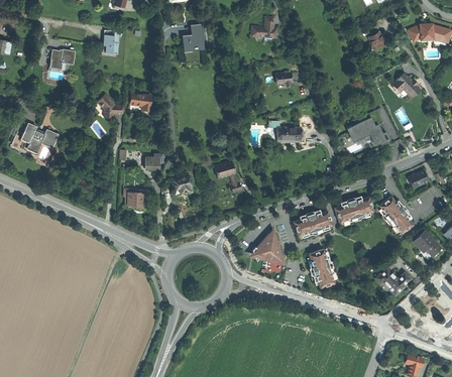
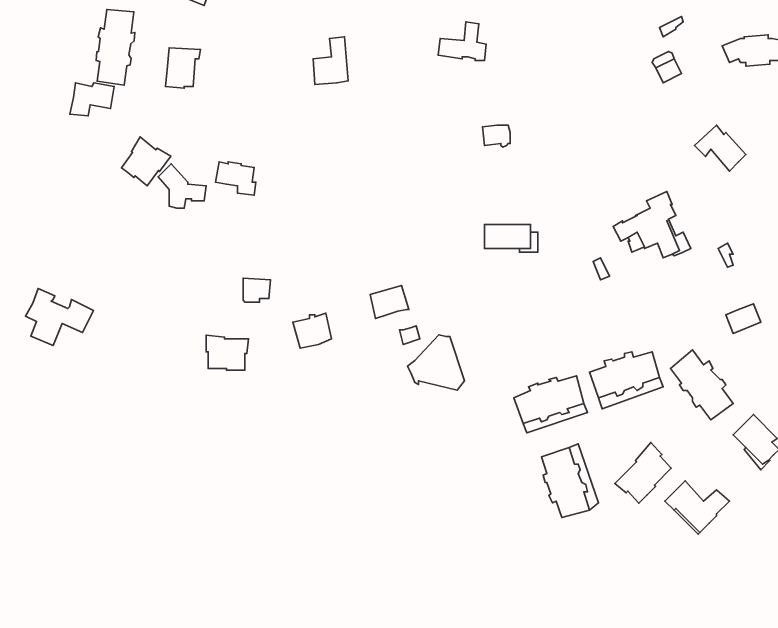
building: none -> [96,10,135,85]
building: none -> [122,137,171,186]
building: [20,123,58,154] -> [25,288,94,346]
building: [251,233,282,263] -> [408,335,465,390]
building: none -> [615,442,671,503]

